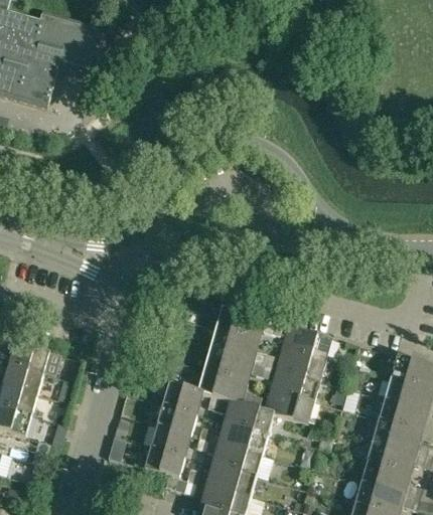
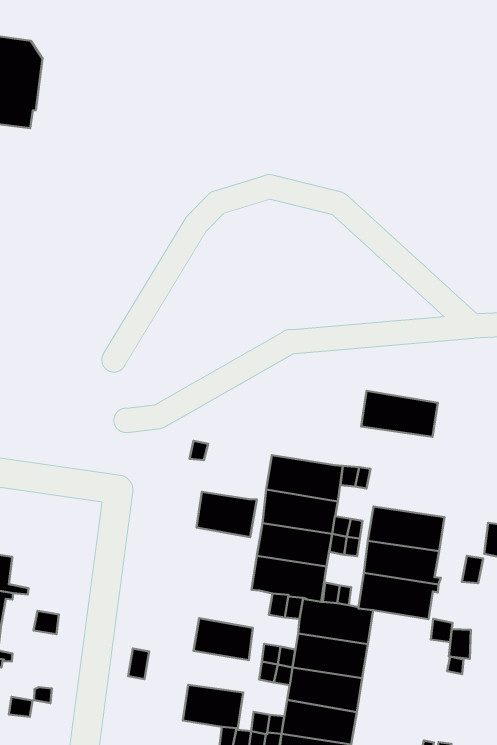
building: [280,328,330,362] -> [361,391,438,437]
building: [161,385,201,417] -> [197,492,257,537]
building: [149,427,189,458] -> none

